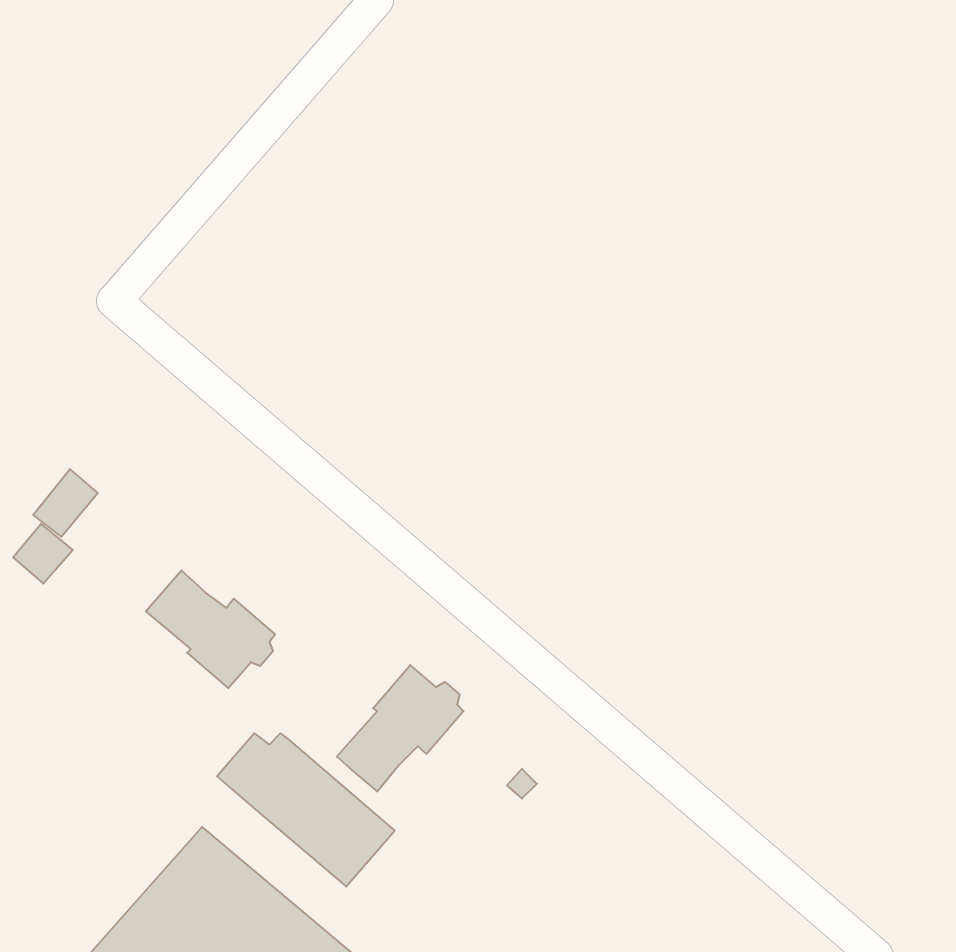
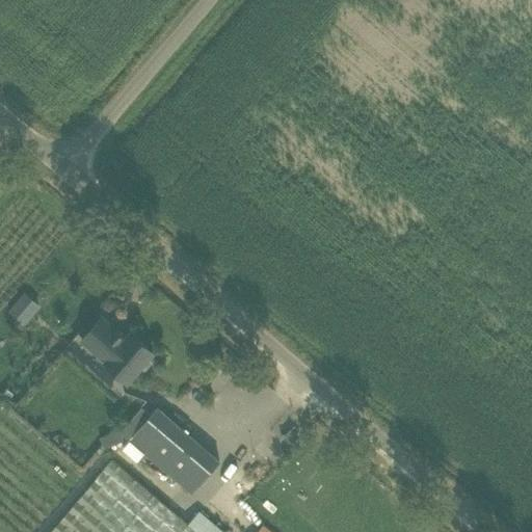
building: [33,469,98,537] -> none
building: [337,665,464,792] -> none

